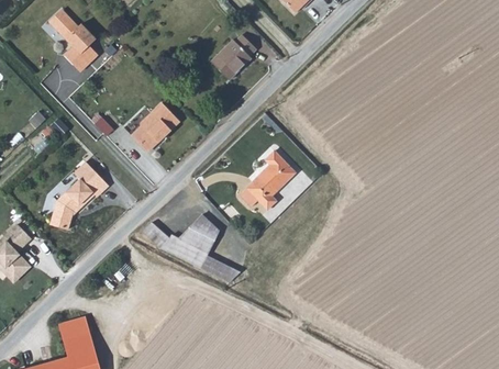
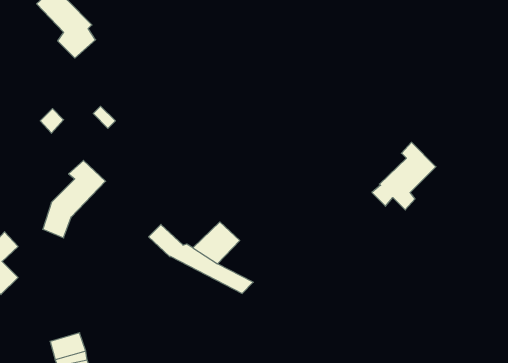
building: [209,34,254,79] -> none
building: [132,102,182,154] -> none
building: [237,149,295,210] -> [372,142,436,210]

